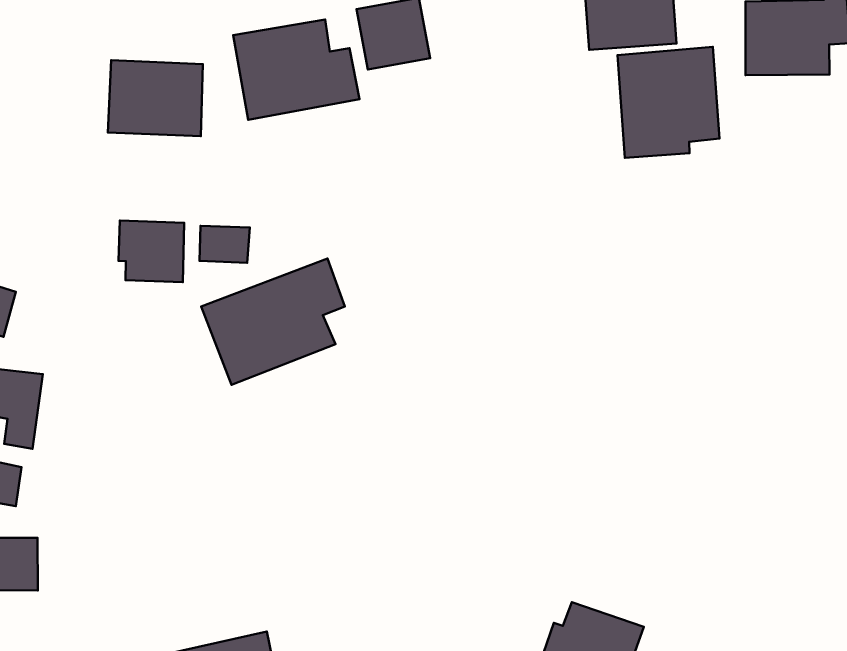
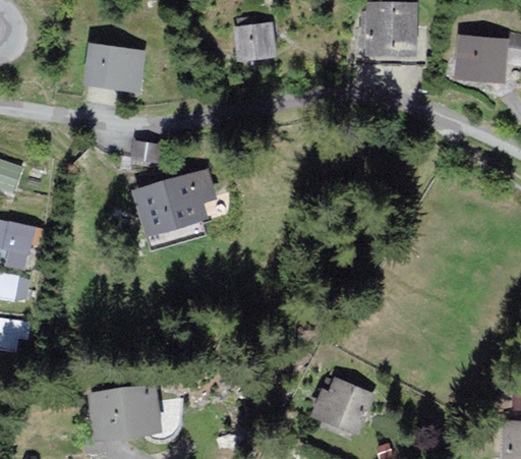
building: [233,20,359,120] -> none
building: [618,47,719,158] -> none
building: [119,220,184,282] -> none

